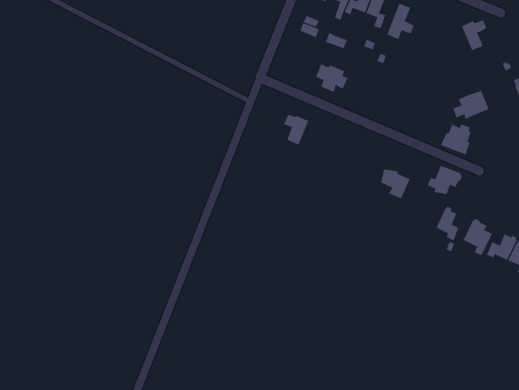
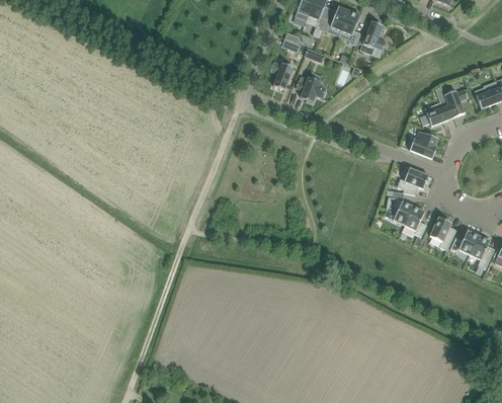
building: [461,19,487,51] -> [444,89,468,117]
building: [283,114,309,146] -> [270,62,294,90]
building: [380,169,410,199] -> [386,197,413,225]

